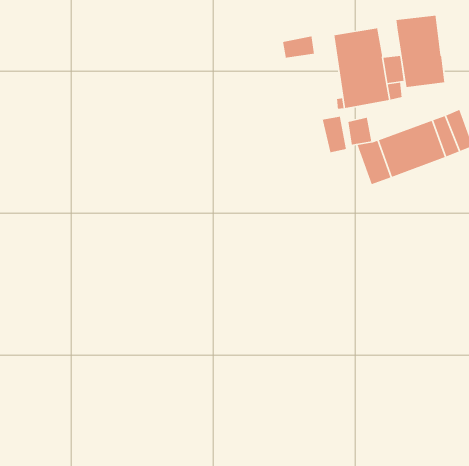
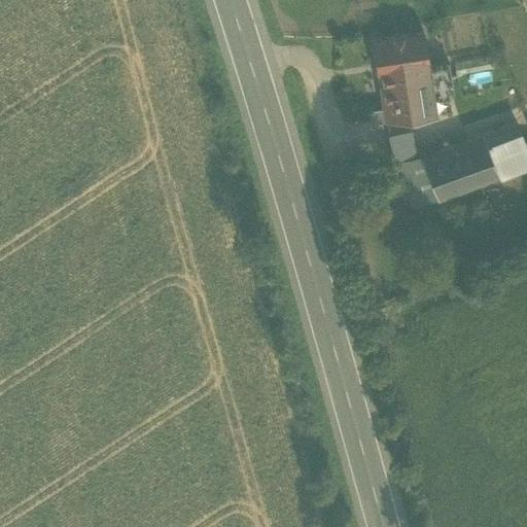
building: [396,15,445,88] -> none
building: [282,36,315,59] -> none
building: [322,116,347,153] -> none

